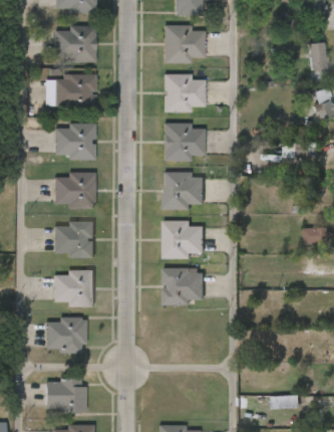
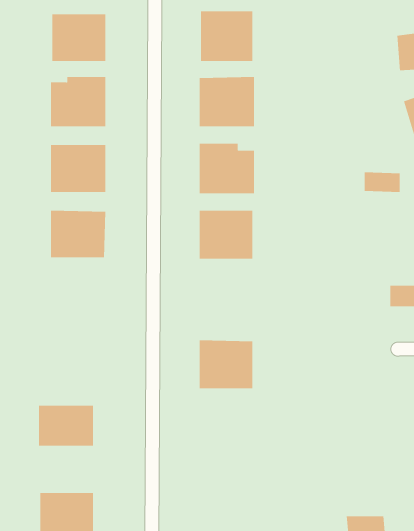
building: [53,221,95,256] -> none
building: [163,221,205,258] -> none
building: [54,269,94,305] -> none

